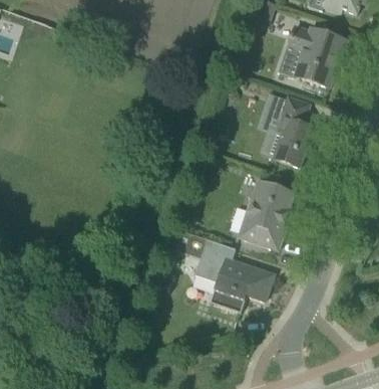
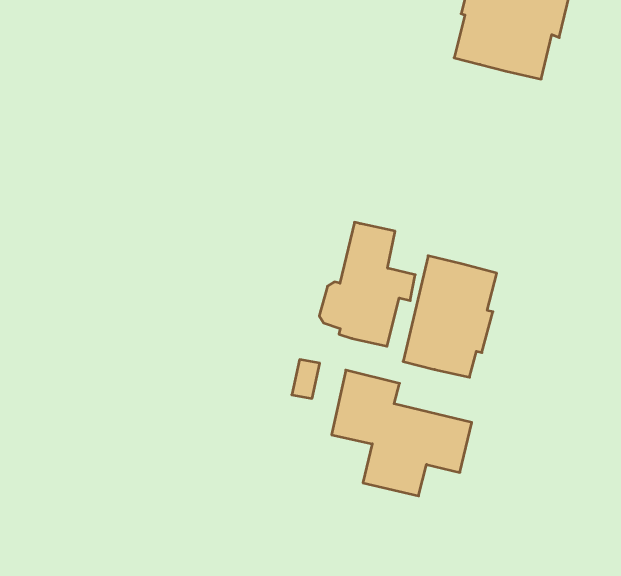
building: [264,96,319,167] -> [319,222,415,346]

